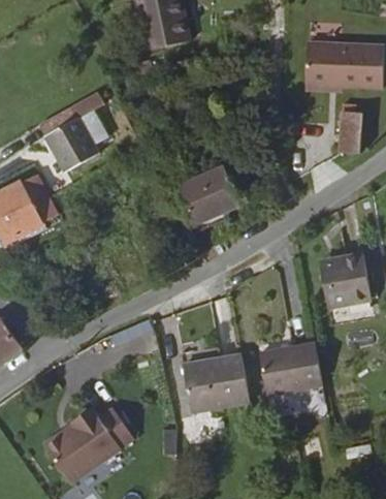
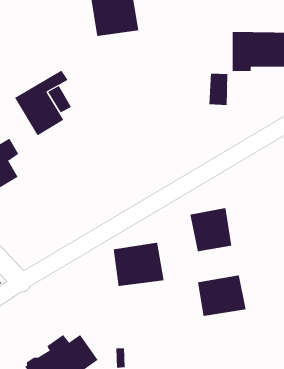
building: [336,112,360,151] -> [209,73,228,105]
building: [173,173,235,230] -> none
building: [309,248,360,302] -> [190,208,232,252]
building: [188,358,251,412] -> [113,242,165,286]

